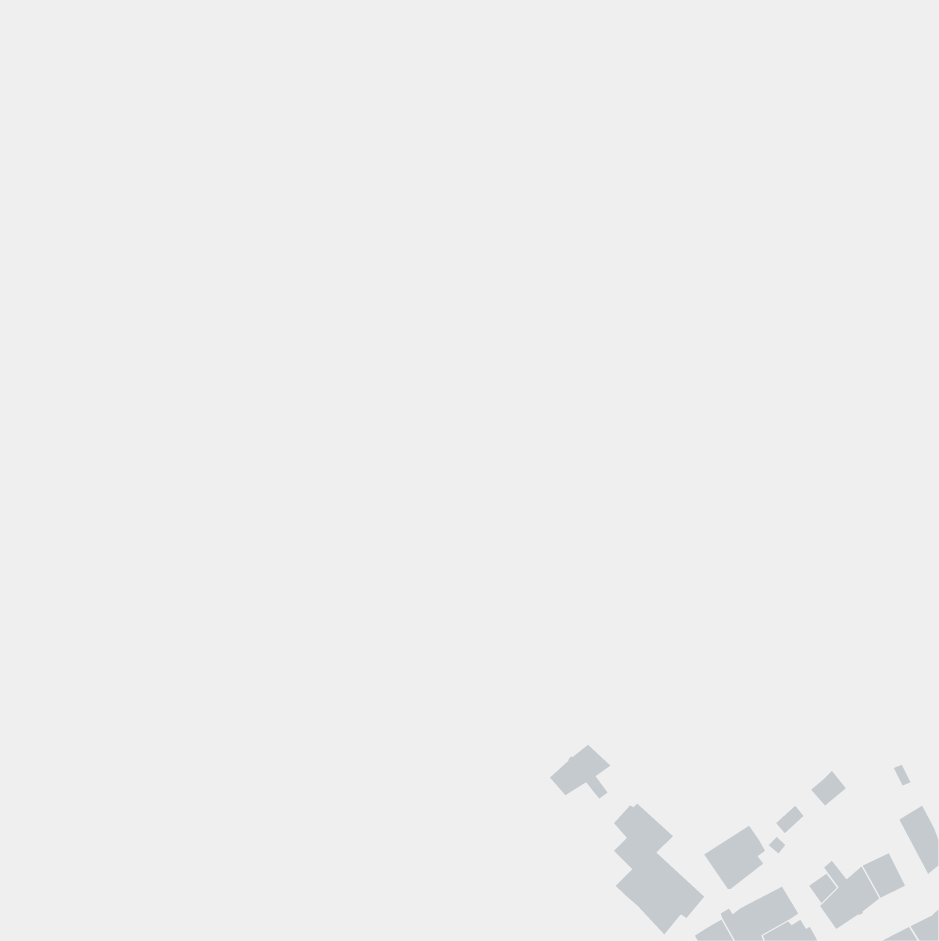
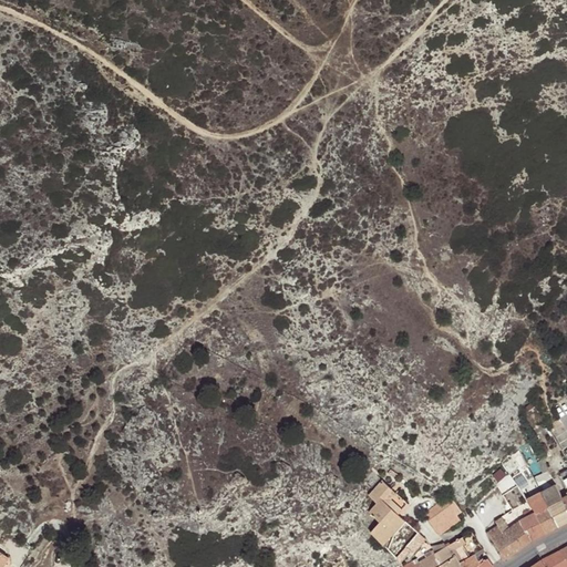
building: [549,744,611,800] -> none
building: none -> [526,493,558,533]

